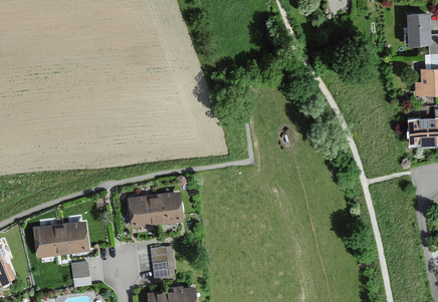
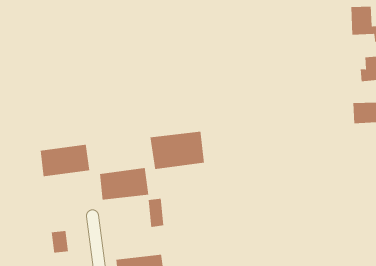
building: none -> [150,131,204,170]
building: [31,221,86,257] -> [40,144,90,177]
building: [153,246,171,278] -> [148,198,164,227]

